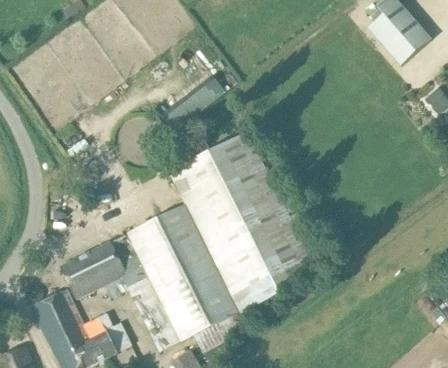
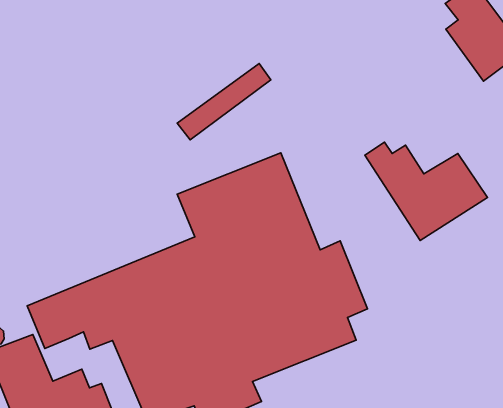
building: none -> [365,142,487,240]

